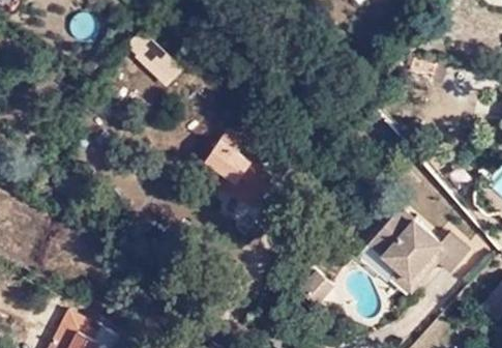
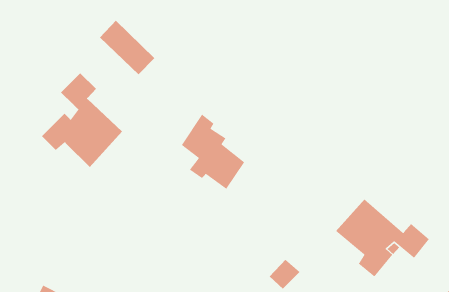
building: none -> [41,73,123,168]

